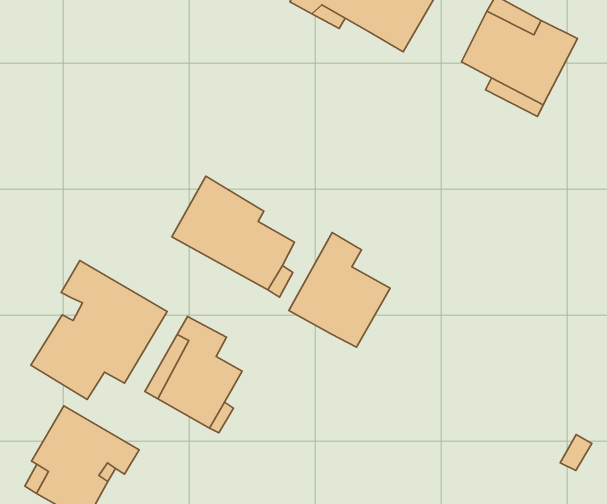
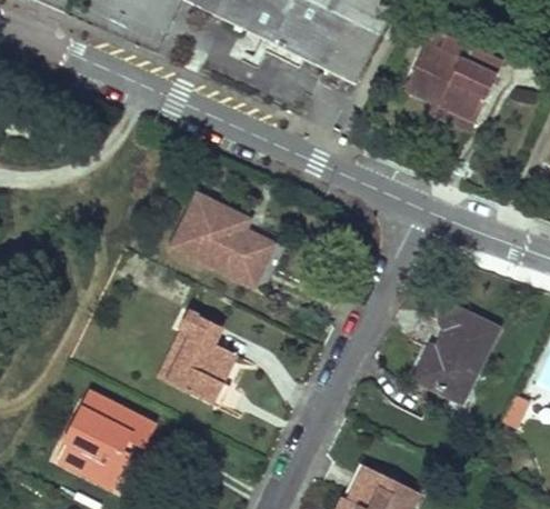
building: [289,233,390,347] -> none
building: [31,260,167,399] -> none
building: none -> [416,308,497,401]

